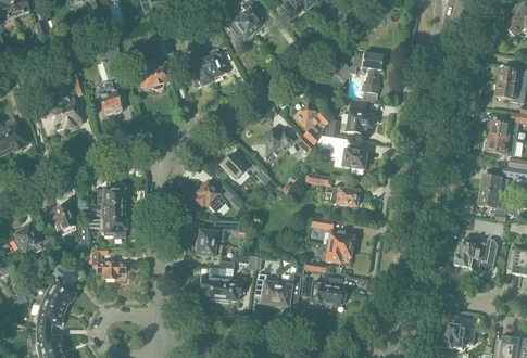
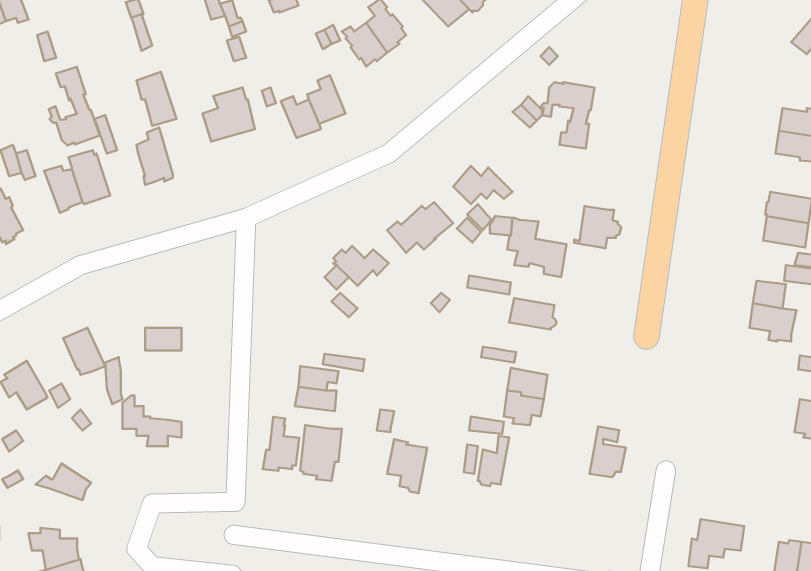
building: none -> [49,67,100,146]
building: [343,107,373,133] -> [574,206,621,248]
building: [197,182,227,212] -> none
building: [88,186,126,207] -> none
building: [88,219,125,235] -> none
building: [455,236,498,271] -> none
building: [218,268,241,302] -> [263,417,299,471]
building: [49,270,77,302] -> none
building: [324,273,347,305] -> [589,427,626,477]
building: [273,274,300,309] -> none
building: [34,305,63,331] -> none

